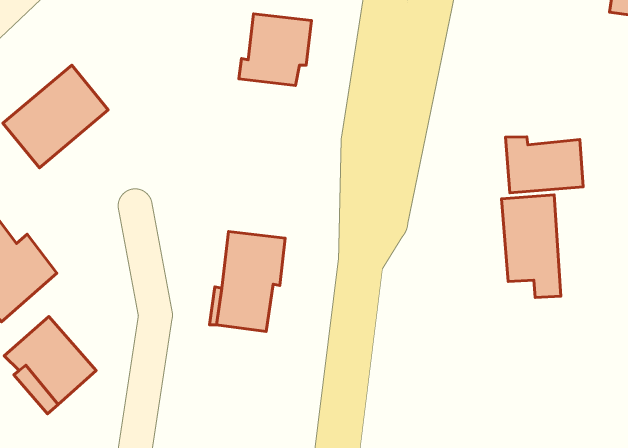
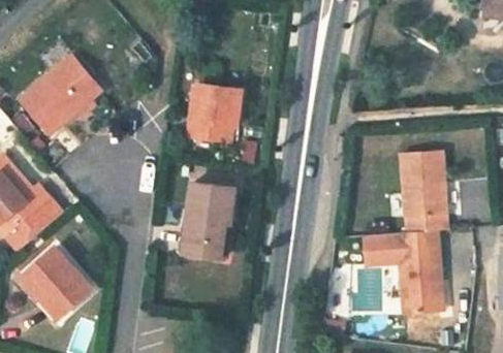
building: [239,14,312,85] -> [186,85,242,139]
building: [505,137,583,193] -> none
building: none -> [364,232,440,317]

